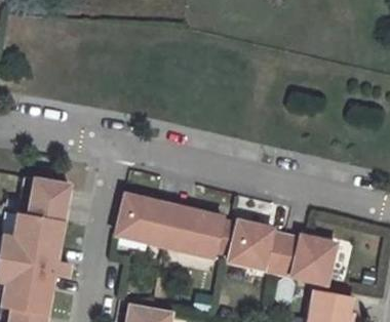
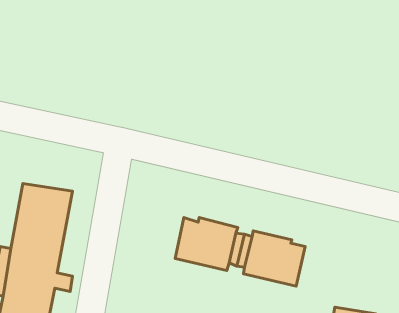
building: [117,194,174,246] -> none
building: [279,235,337,284] -> none

